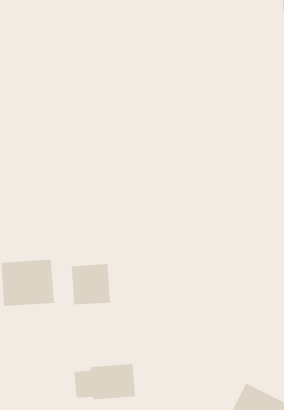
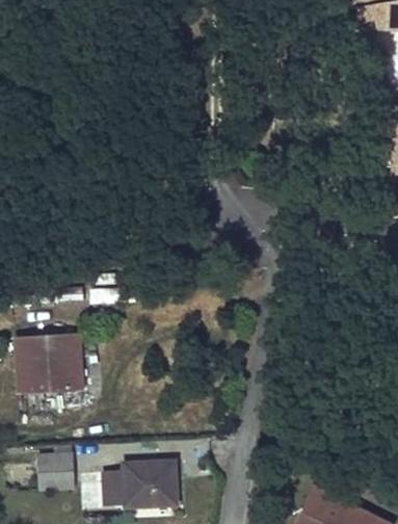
building: [71,263,111,305] -> none
building: none -> [38,456,75,493]

